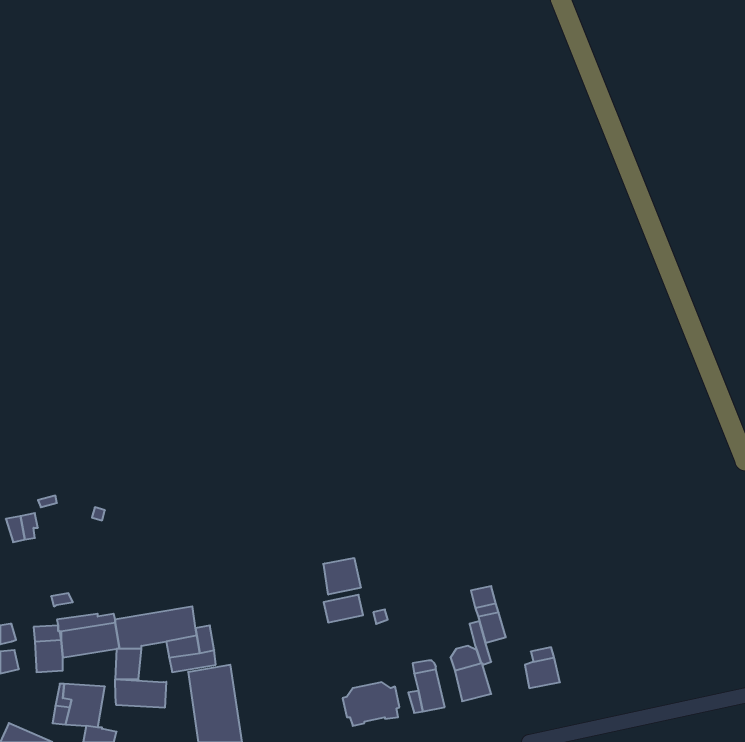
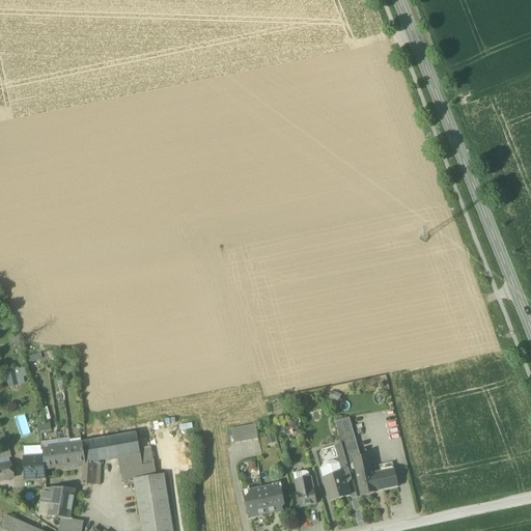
building: [323,558,361,595] -> none
building: none -> [353,455,376,494]
building: [115,679,166,708] -> none

